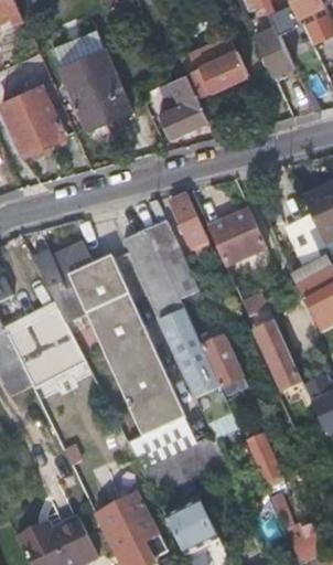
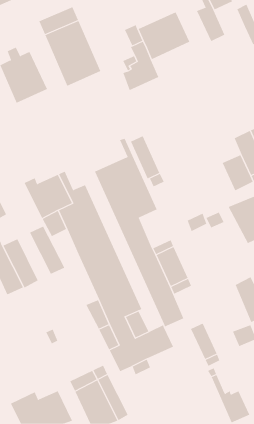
building: [207,206,266,264] -> none
building: [255,320,303,392] -> none
building: [166,500,218,555] -> none

